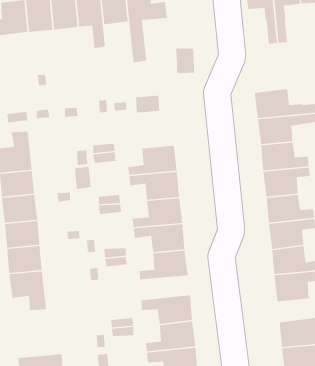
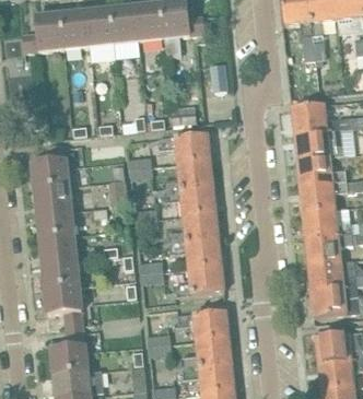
building: none -> [157,132,210,163]
building: none -> [50,331,86,373]

